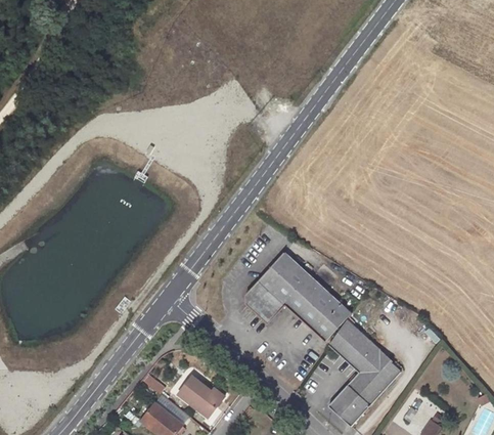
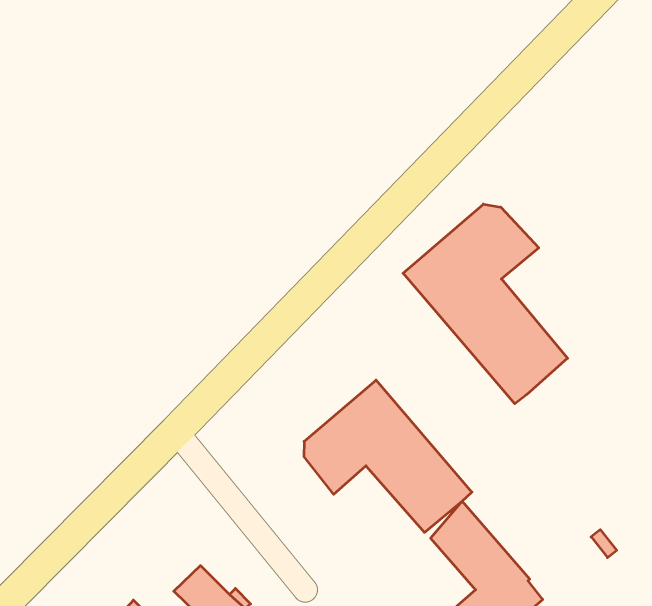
building: none -> [403,204,568,404]

